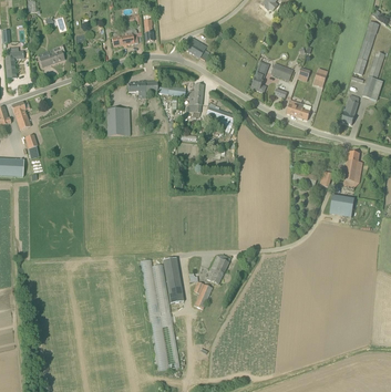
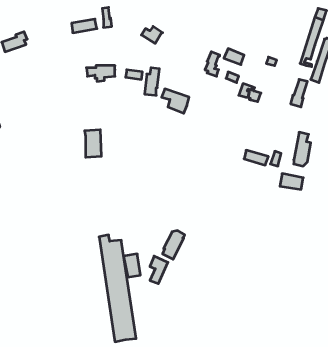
building: [106,107,124,136] -> [85,130,101,157]

